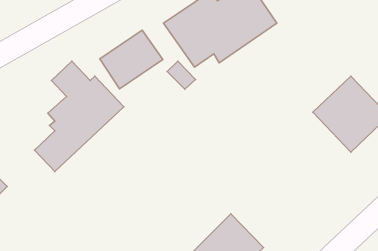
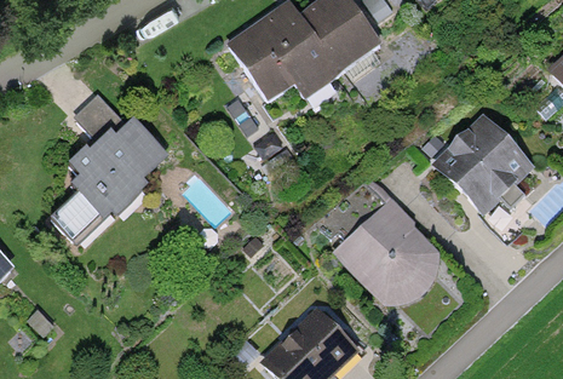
building: [100,30,163,89] -> none
building: none -> [332,203,452,323]

